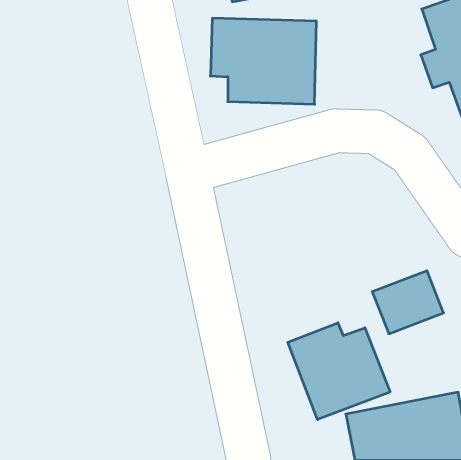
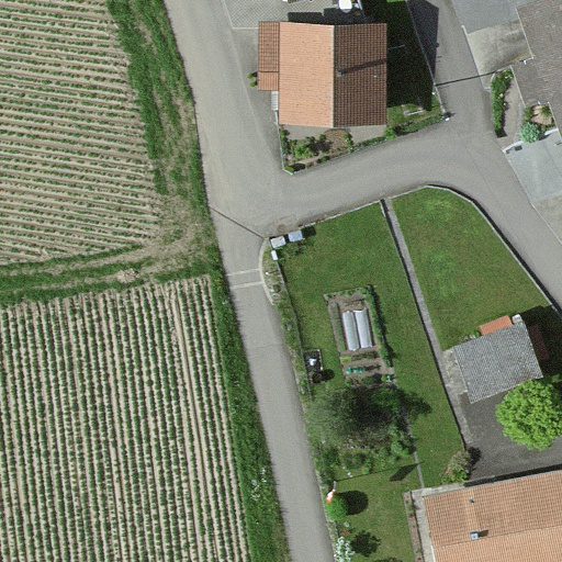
building: [288,323,390,420] -> none

